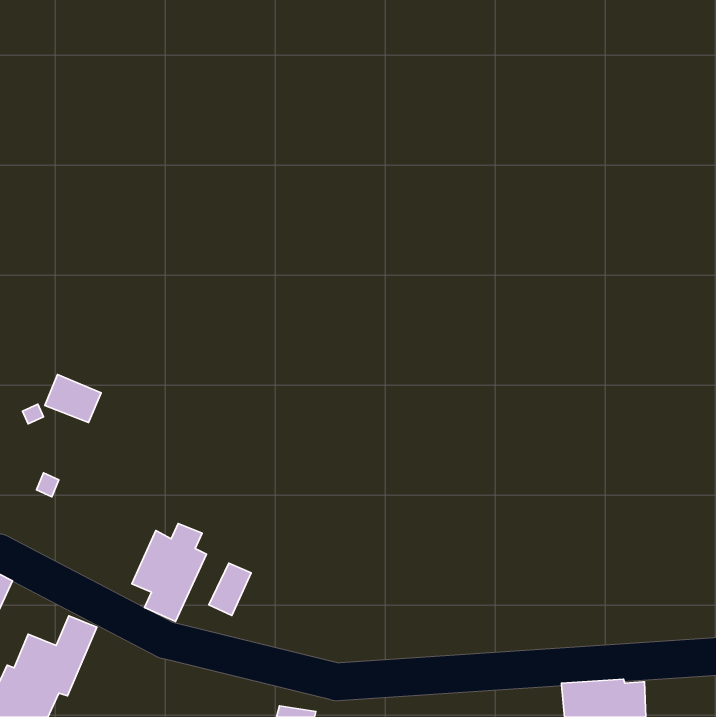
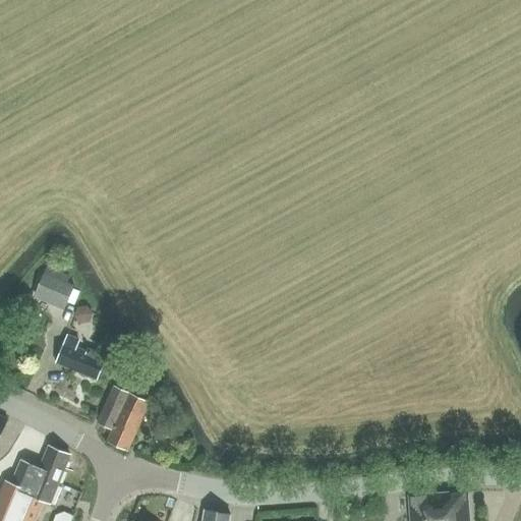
building: none -> [56,344,105,381]
building: [209,563,251,616] -> none

